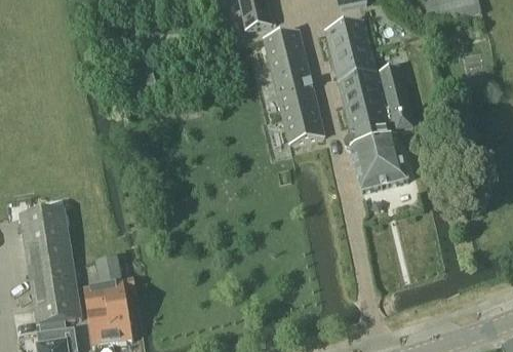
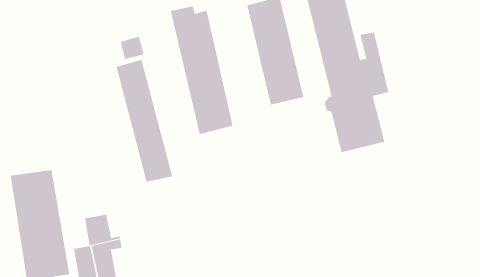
building: none -> [170,5,233,135]
building: none -> [116,59,173,183]

